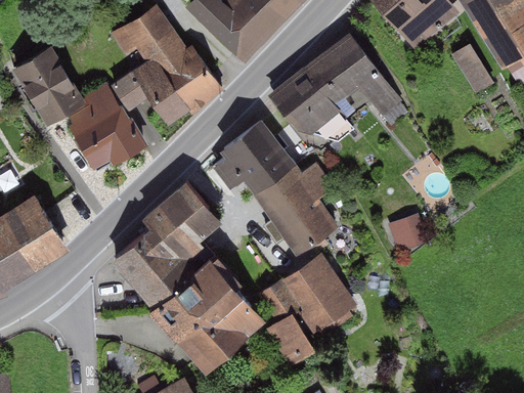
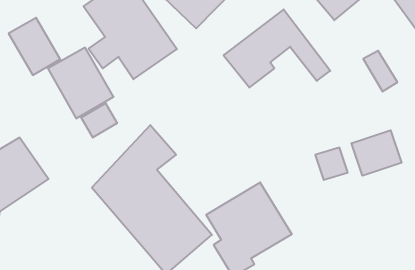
building: [455,41,497,91] -> [363,51,397,91]
building: [212,116,343,259] -> none
building: none -> [81,103,117,138]
building: none -> [352,130,402,176]

